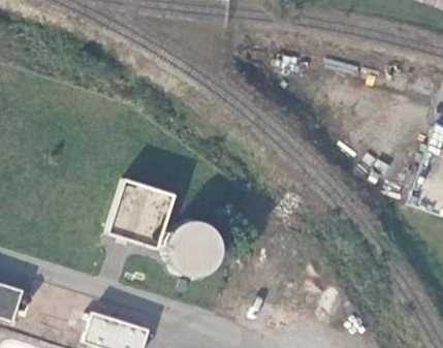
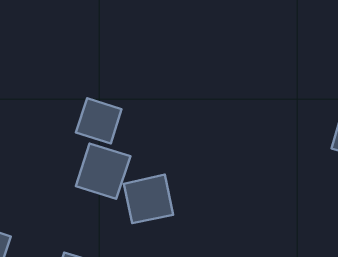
building: none -> [76,98,122,143]

